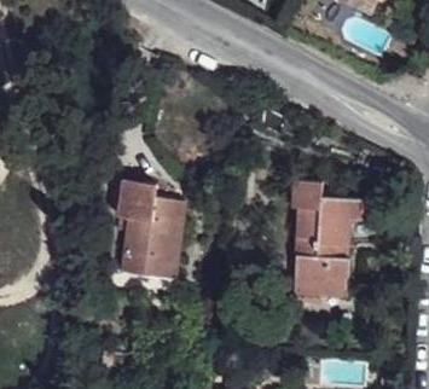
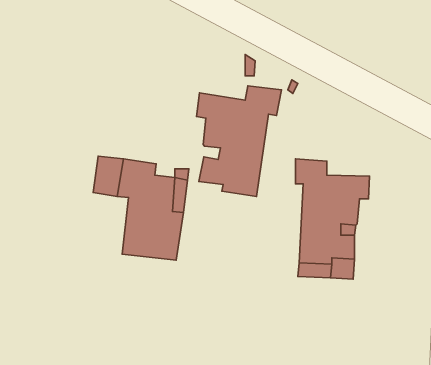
building: none -> [196,86,282,196]

